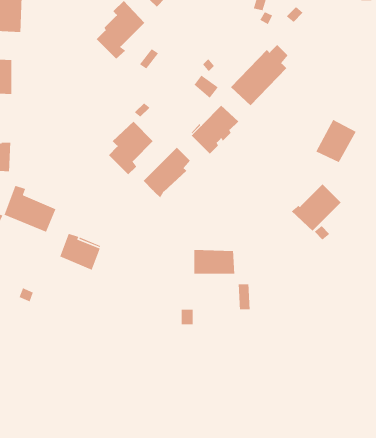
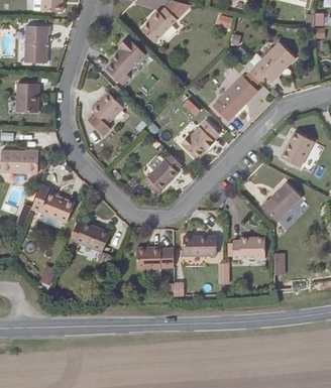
building: none -> [250,42,296,83]
building: [108,121,154,175] -> [88,92,124,135]
building: none -> [232,237,265,258]
building: none -> [137,246,174,269]

